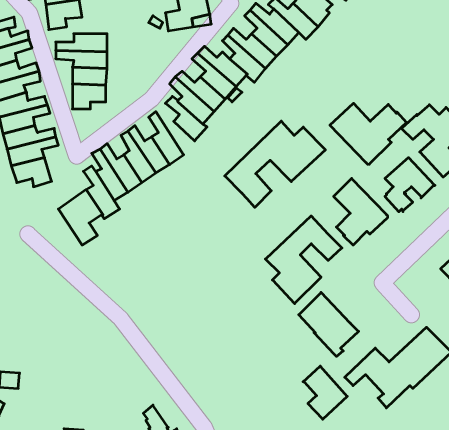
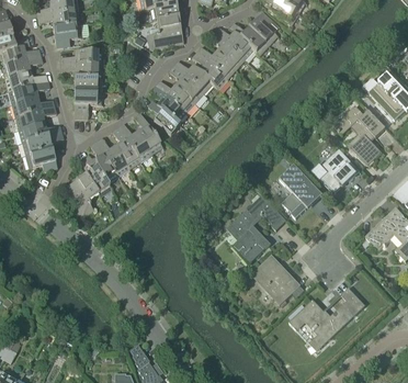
building: [330,103,407,164] -> none
building: [225,121,325,207] -> none
building: [303,366,347,419] -> none

